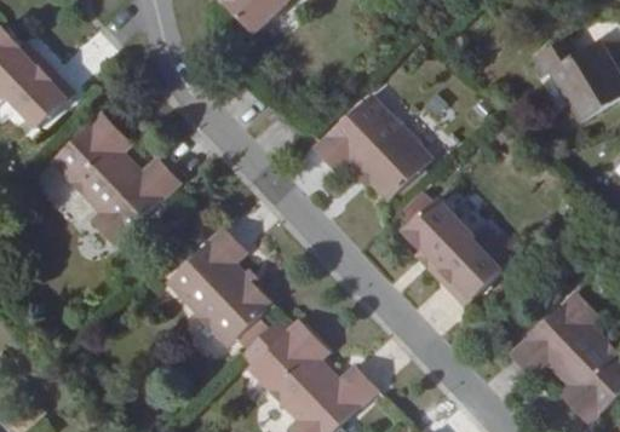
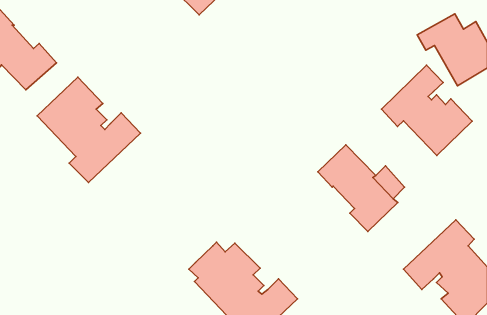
building: [314,94,431,202] -> none
building: none -> [381,65,472,155]
building: [165,227,272,346] -> none

